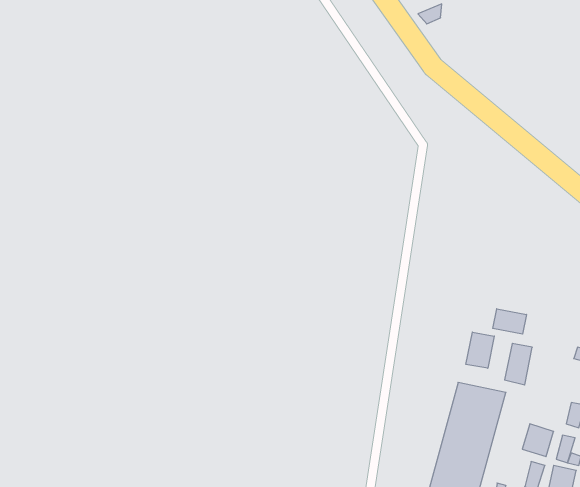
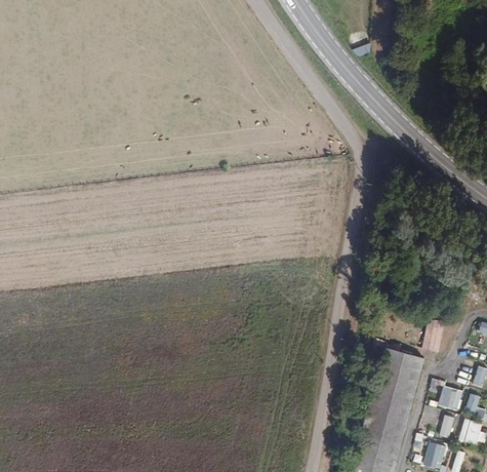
building: [493,309,526,334] -> none
building: [466,332,494,368] -> none

